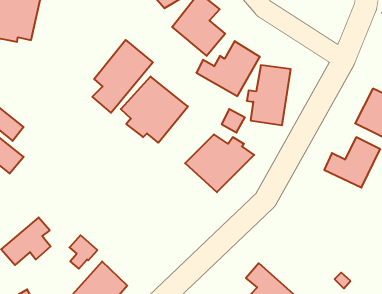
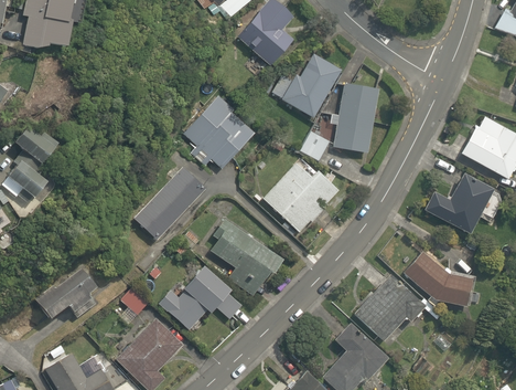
building: [92,40,153,113] -> [137,158,208,244]
building: none -> [206,211,284,295]
building: none -> [396,247,461,303]
building: none -> [160,265,244,333]
building: none -> [347,271,417,336]

